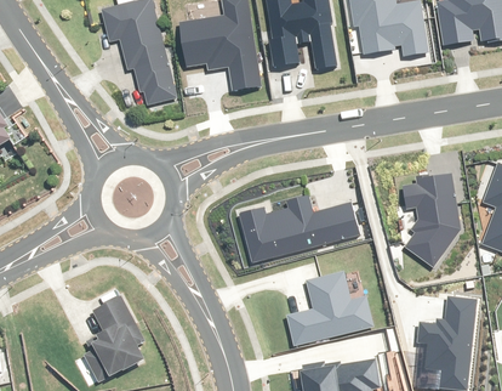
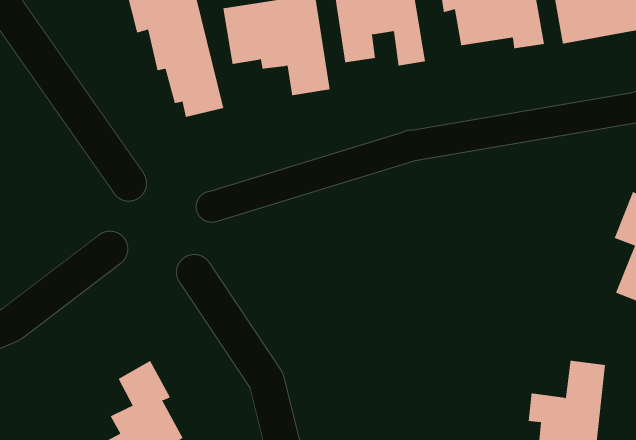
building: [399,174,461,264] -> none
building: [236,197,361,259] -> none
building: [285,273,373,344] -> none

